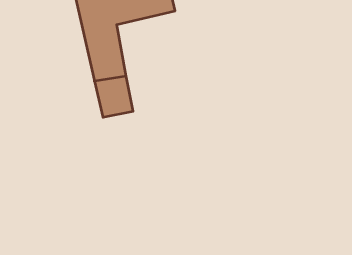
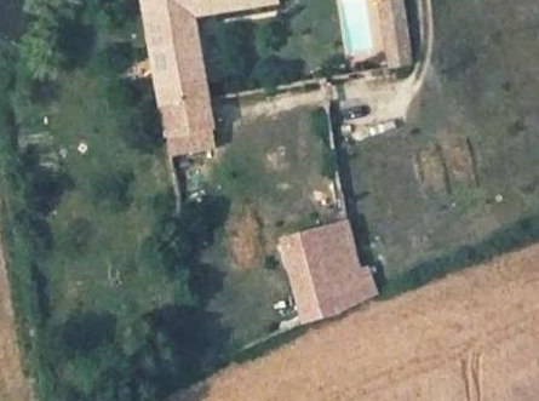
building: none -> [289,220,382,336]

